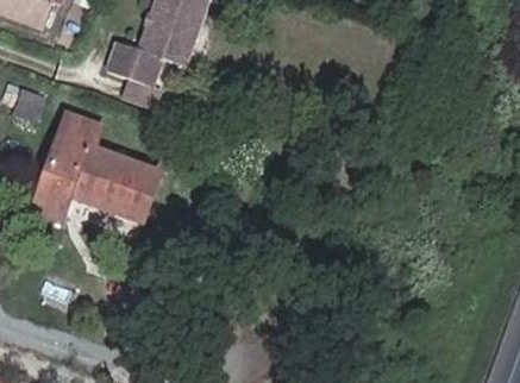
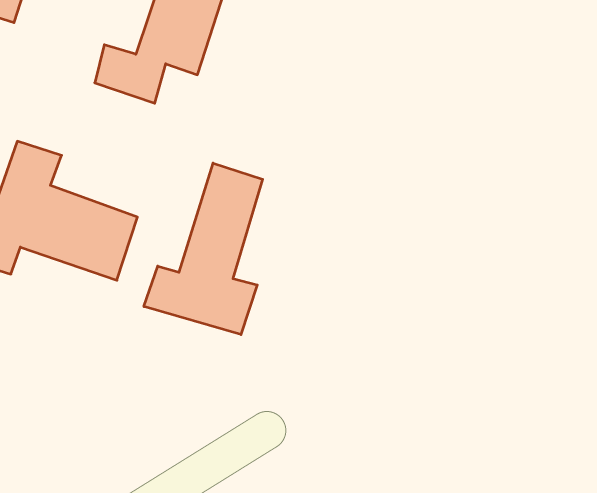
building: none -> [144,163,263,335]

